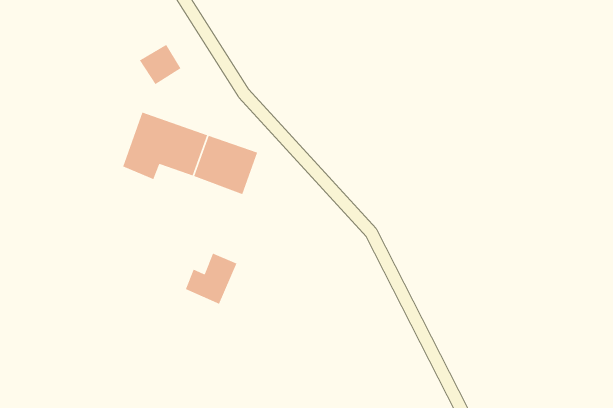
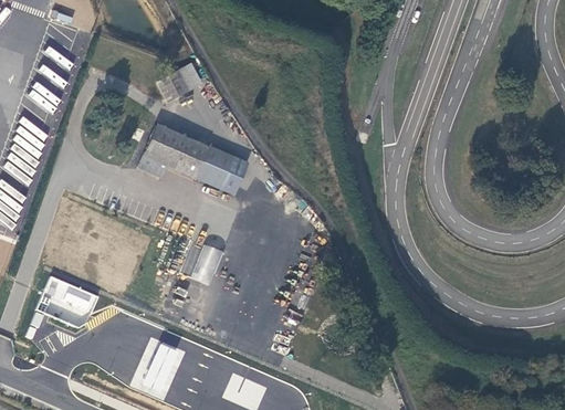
building: none -> [38,275,100,327]

